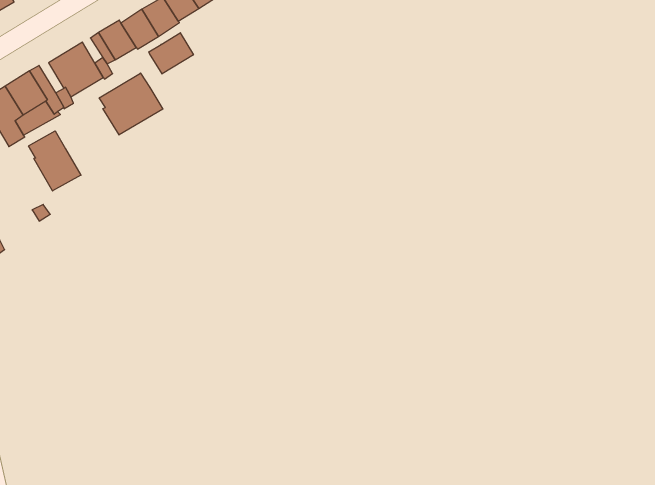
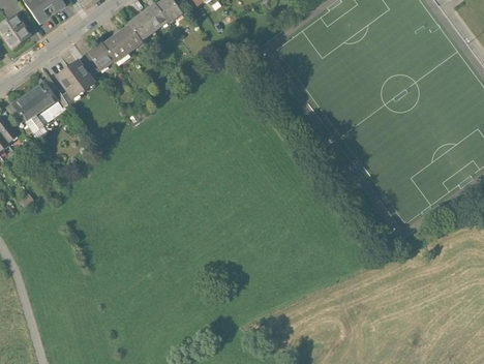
building: [149,33,193,74] -> none
building: [99,73,163,135] -> none
building: [29,131,81,191] -> none

